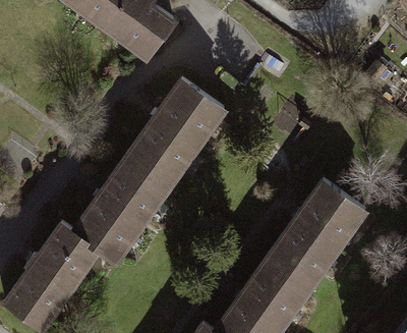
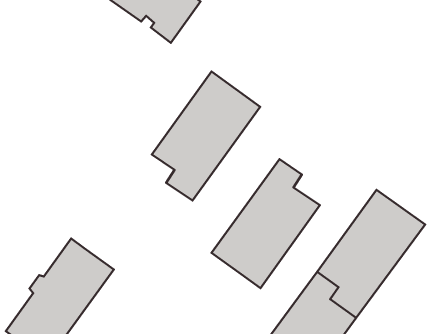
building: [74,151,167,262] -> [212,159,320,288]

